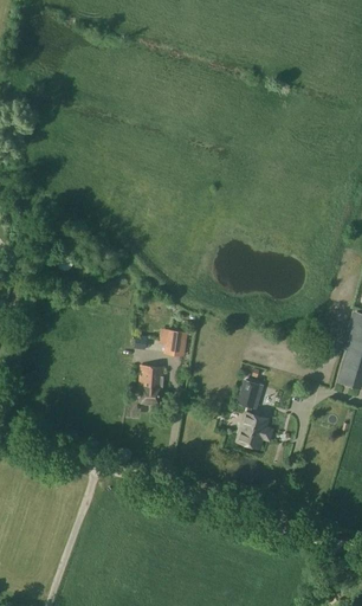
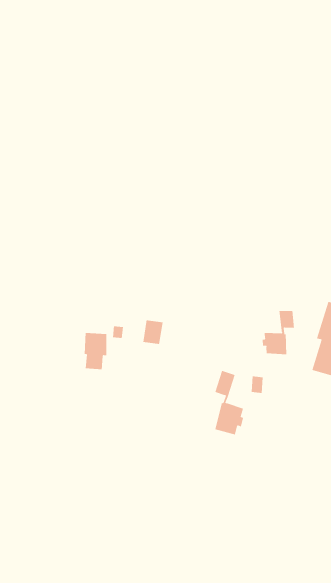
building: none -> [262,310,295,355]
building: [140,366,163,404] -> [84,333,107,370]

